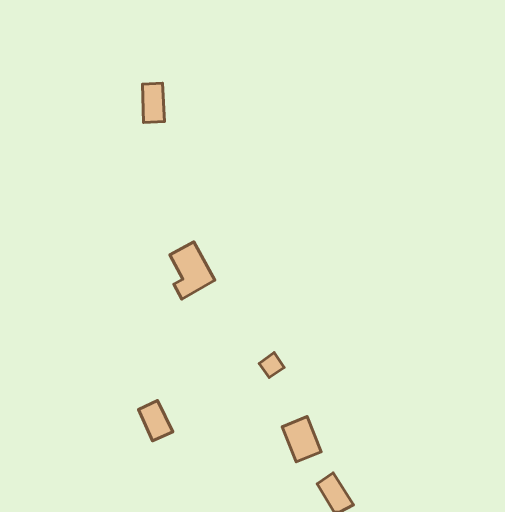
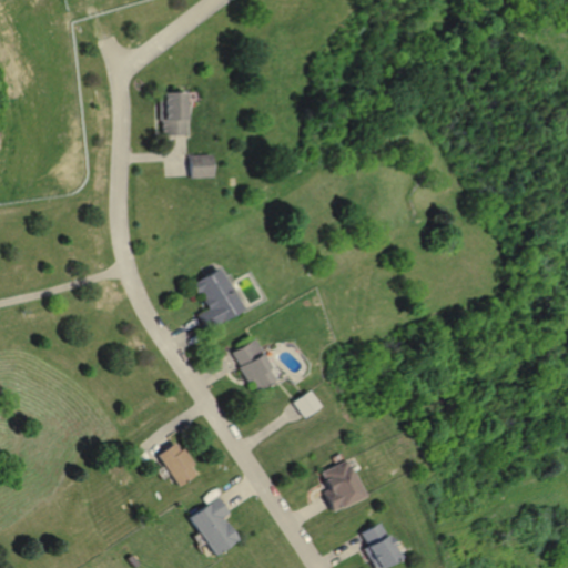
building: none -> [193,154,215,178]
building: none -> [234,339,277,390]
building: none -> [191,497,241,556]

